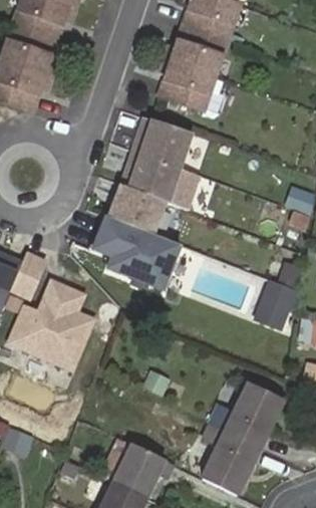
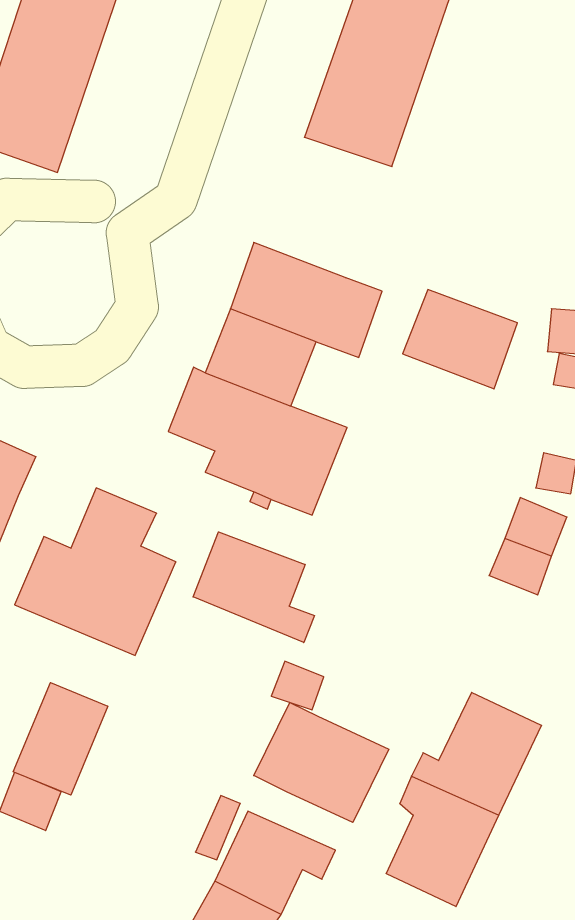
building: [133,118,193,170] -> [403,290,517,389]
building: [12,248,46,290] -> none
building: none -> [193,532,315,643]
building: none -> [13,683,108,795]
building: none -> [254,702,389,822]

